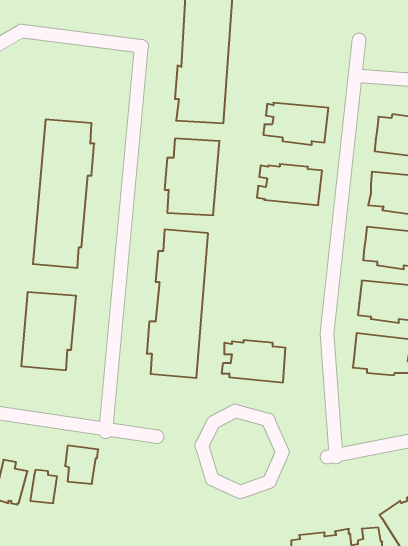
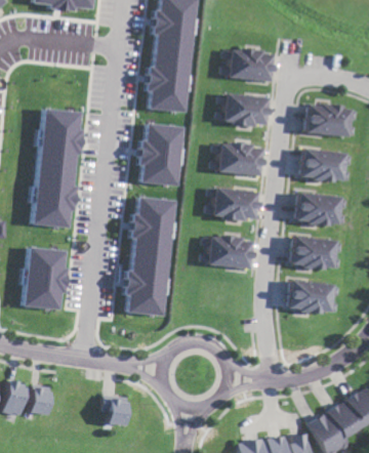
building: none -> [221,48,273,82]
building: none -> [207,189,258,222]
building: [222,340,286,382] -> [202,236,253,270]
building: [65,446,98,484] -> [100,395,127,425]

